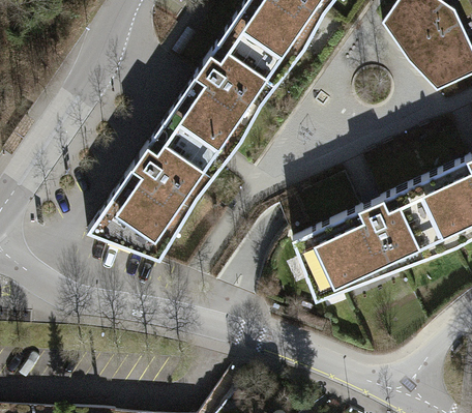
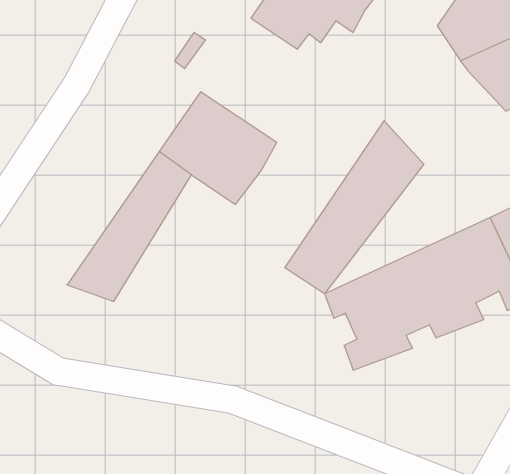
building: [195,17,306,116] -> none
building: none -> [285,121,424,294]
building: [125,142,223,258] -> none

